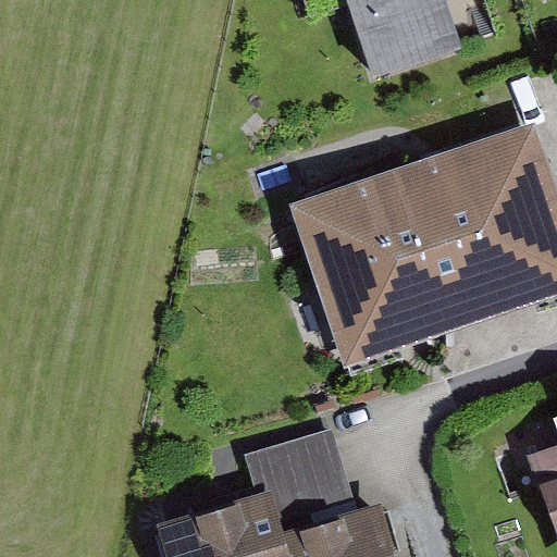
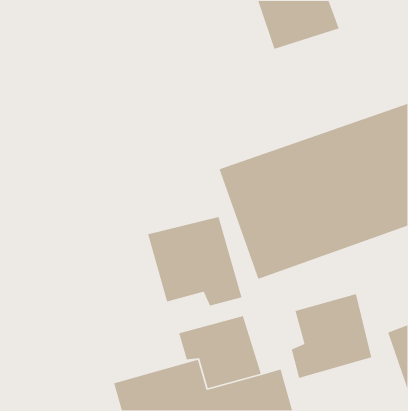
building: none -> [147,216,242,307]
building: none -> [291,293,372,379]

